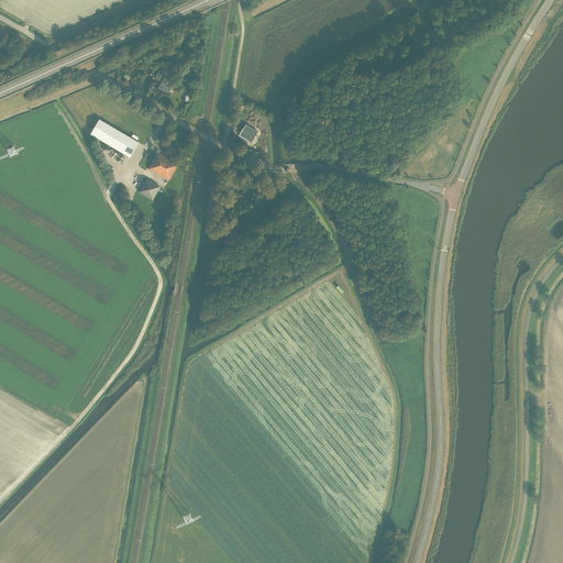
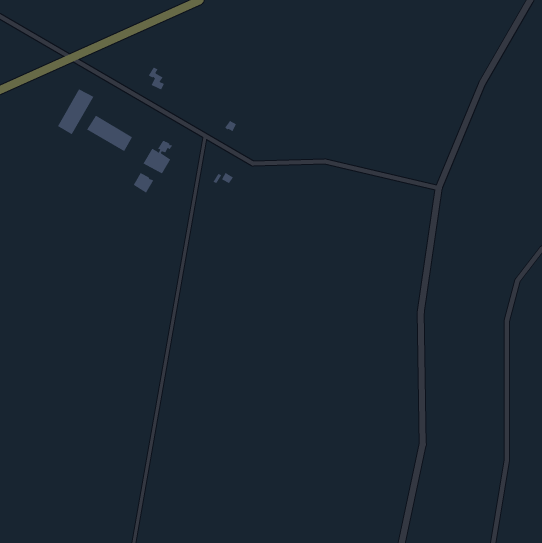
building: none -> [57,88,94,135]

